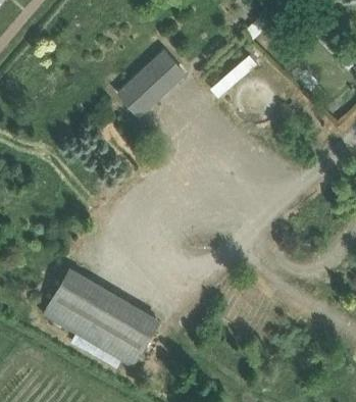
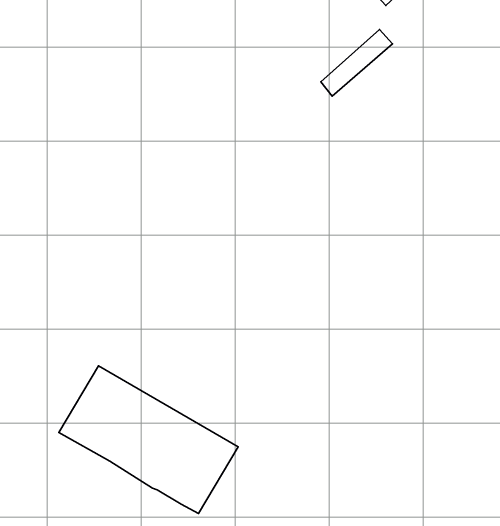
building: [119,52,185,115] -> none

